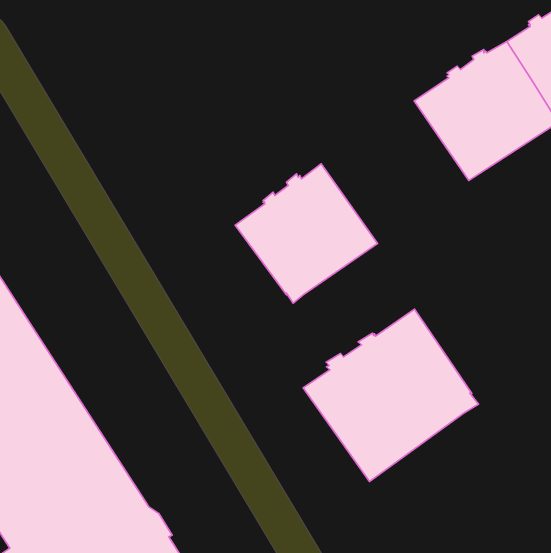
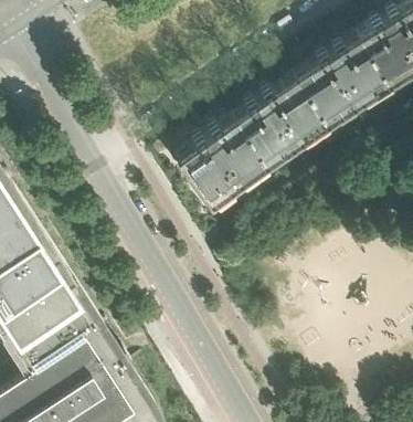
building: none -> [230,80,328,175]
building: [303,309,478,482] -> none

